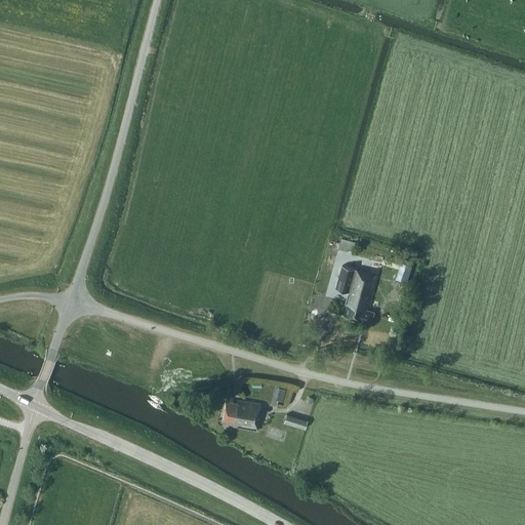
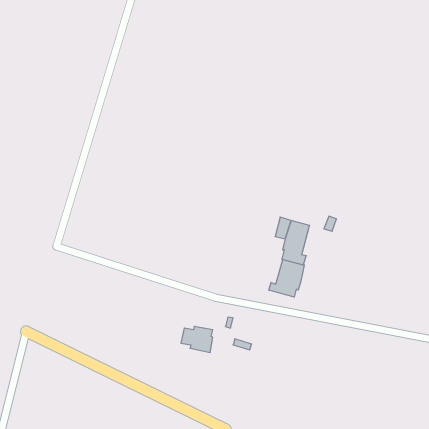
building: none -> [269,259,304,297]

